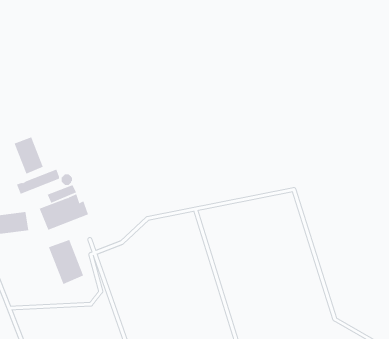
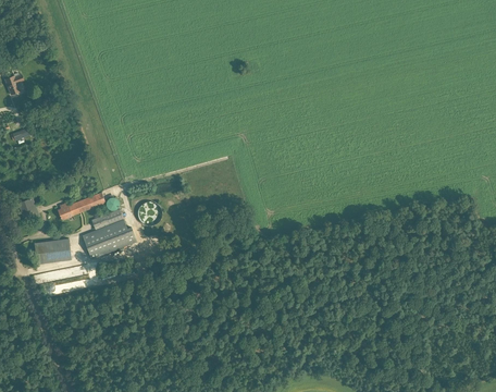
building: [14,137,44,175] -> none
building: [48,239,84,285] -> none

